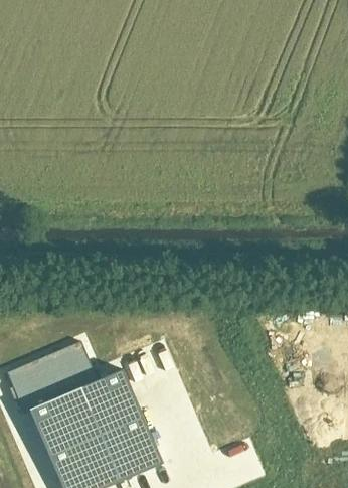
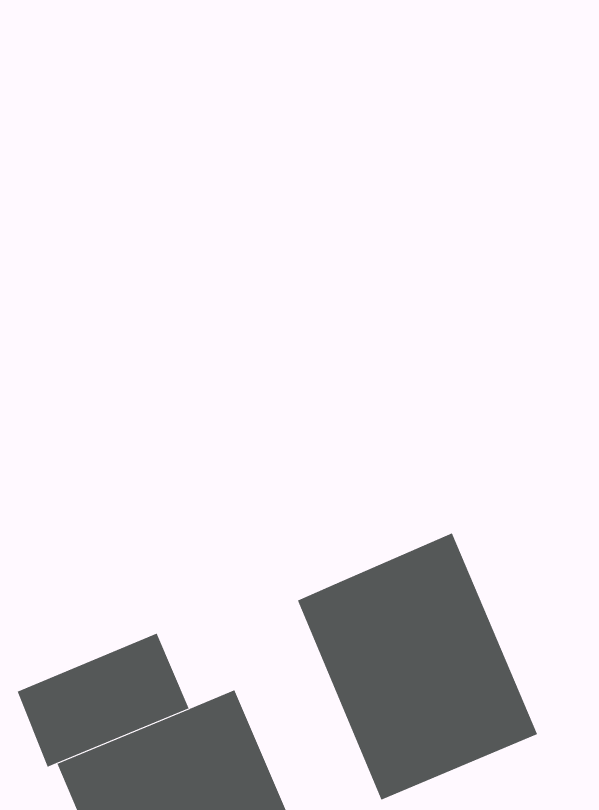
building: none -> [297,533,538,800]

